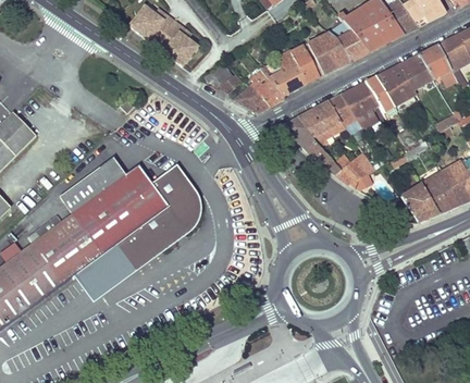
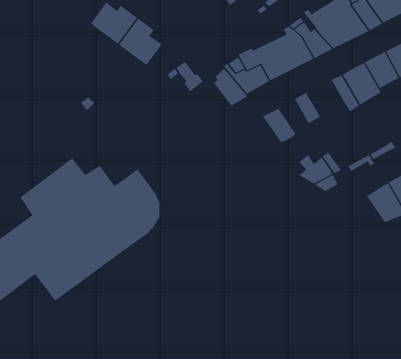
building: [342,82,379,126] -> none
building: [233,85,268,112] -> none
building: [314,100,346,135] -> none
building: [282,118,341,175] -> none

